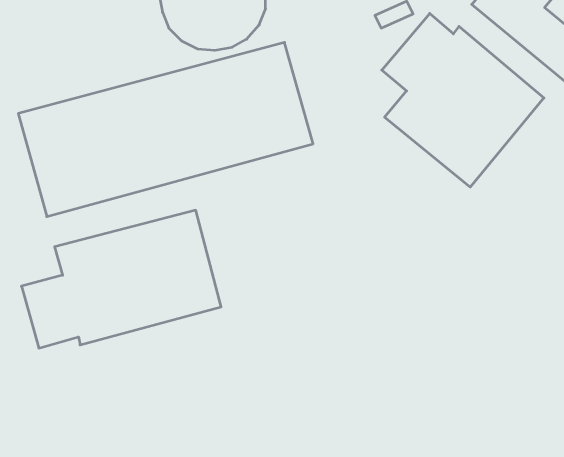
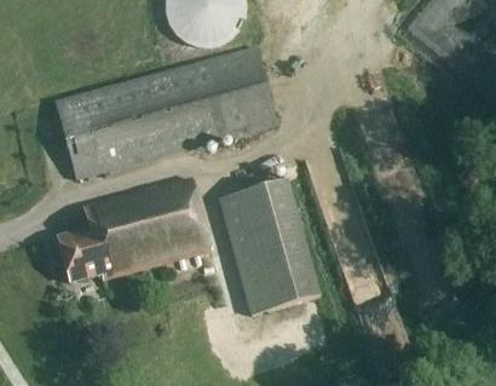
building: [382,13,544,187] -> none
building: none -> [217,182,318,317]

